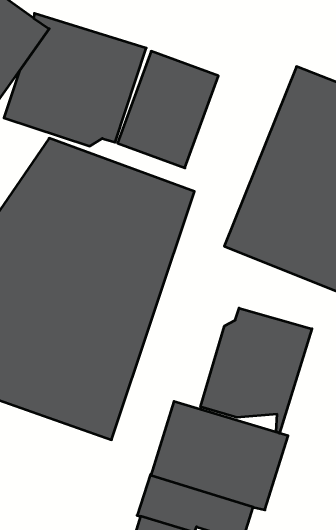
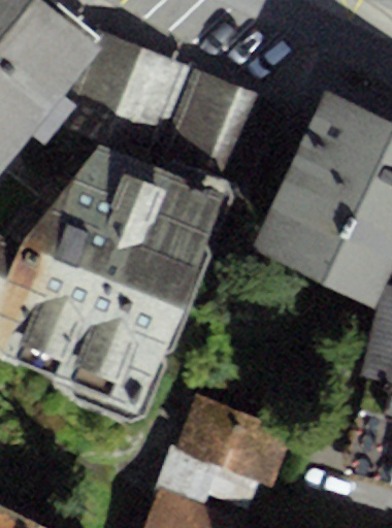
building: [201,308,312,433] -> none

